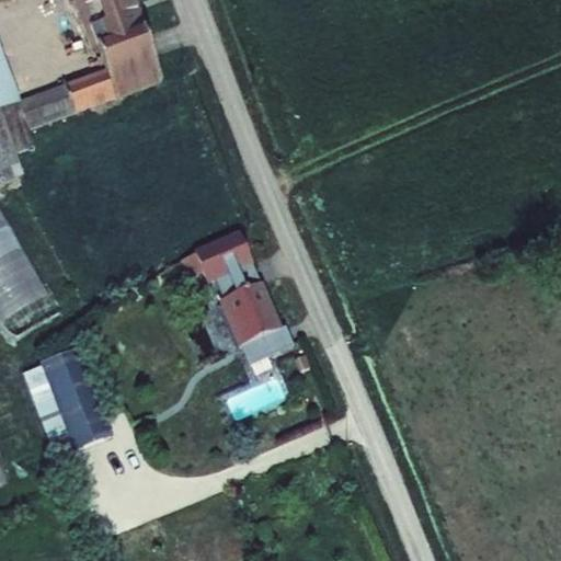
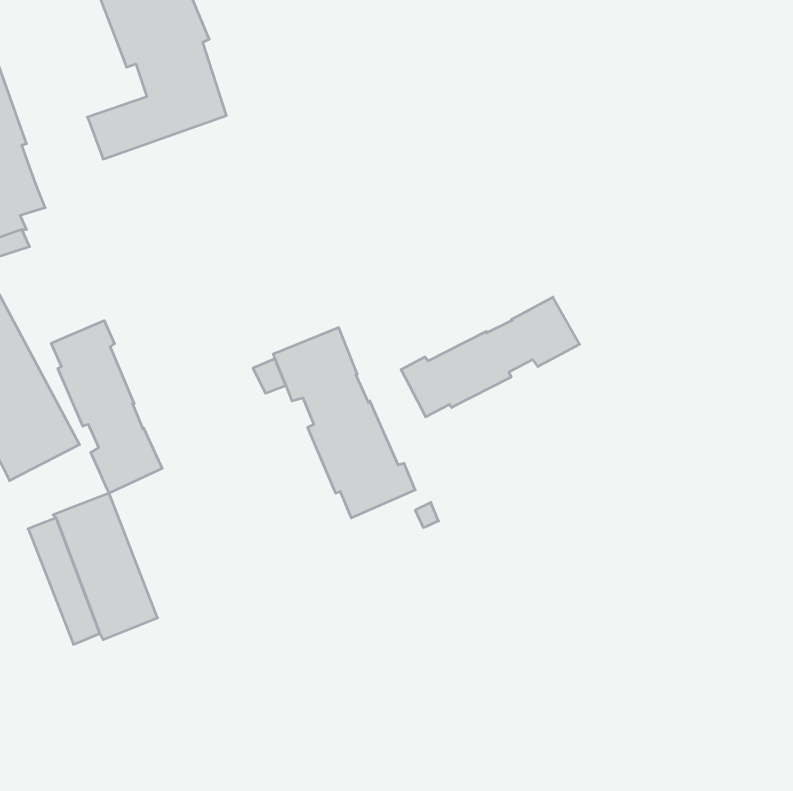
building: [15,82,72,129] -> none
building: none -> [401,297,580,417]
building: none -> [51,321,162,493]

